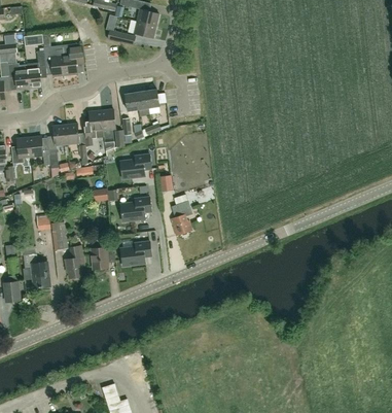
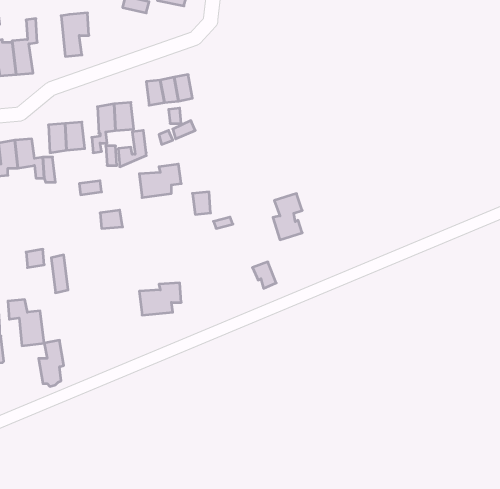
building: [43,45,65,76] -> none
building: [119,198,150,221] -> none
building: [170,201,191,235] -> [273,194,302,240]
building: [90,240,114,269] -> none
building: [65,246,83,280] -> [39,340,64,386]

